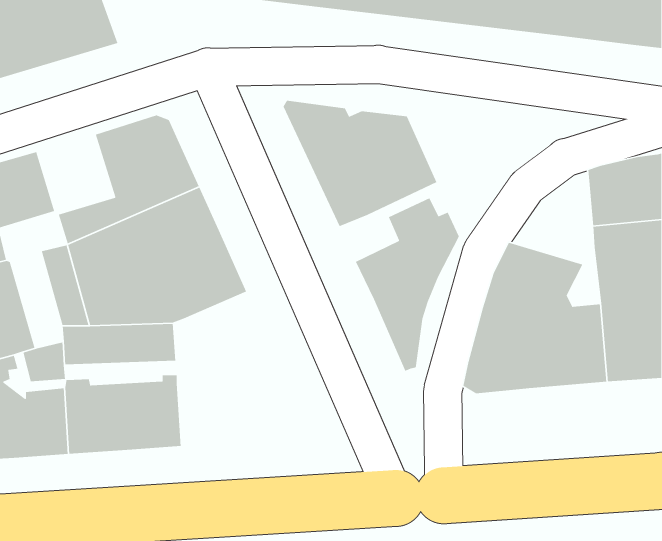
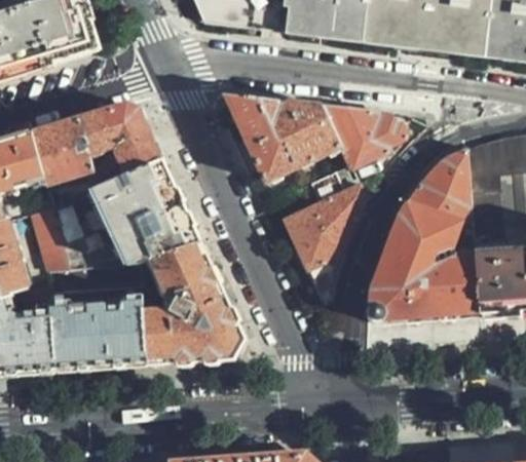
building: none -> [324,107,410,169]
building: none -> [34,121,95,184]
building: none -> [403,149,469,223]
building: none -> [144,244,245,365]

